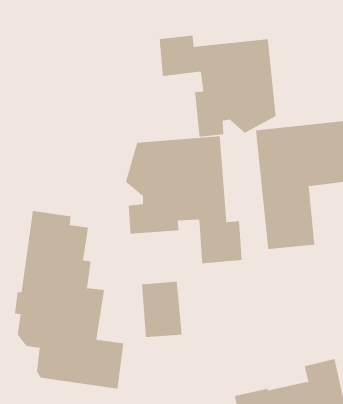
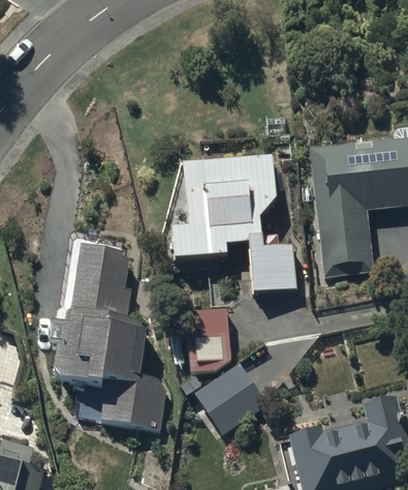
building: [159,35,276,138] -> none
building: none -> [194,364,268,434]

